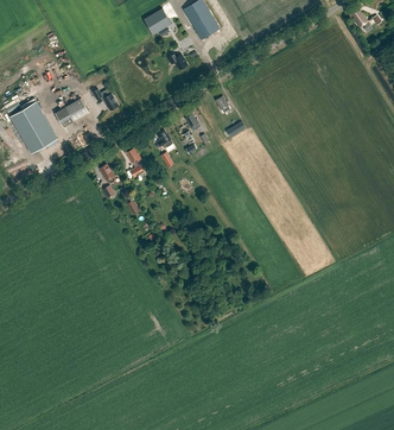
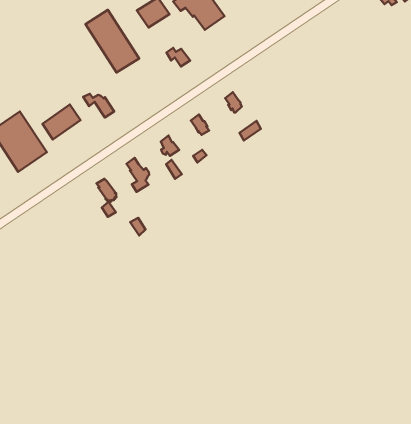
building: none -> [85,10,139,73]

